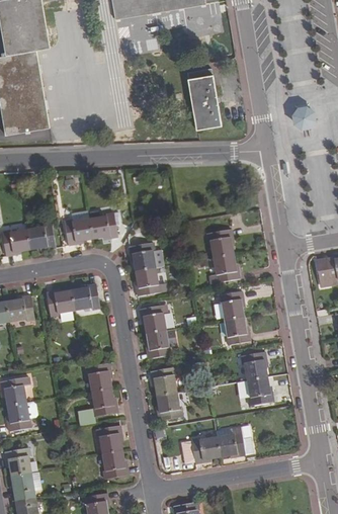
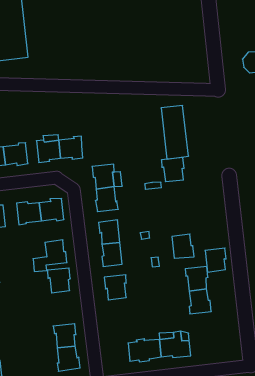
building: [186,68,221,130] -> [161,106,189,159]
building: [213,255,239,284] -> none
building: [220,291,244,320] -> [205,248,226,272]
building: [79,388,117,425] -> [33,240,67,271]
building: [156,392,183,421] -> none

